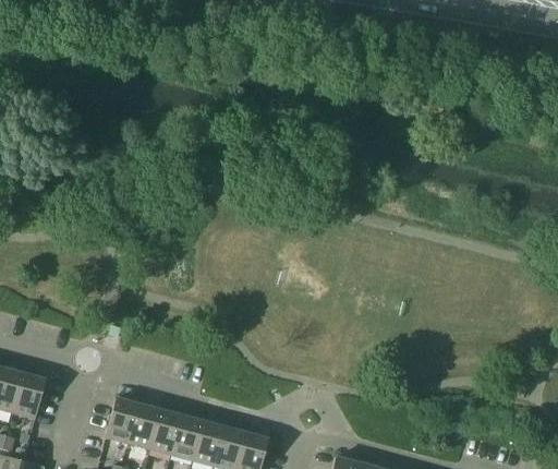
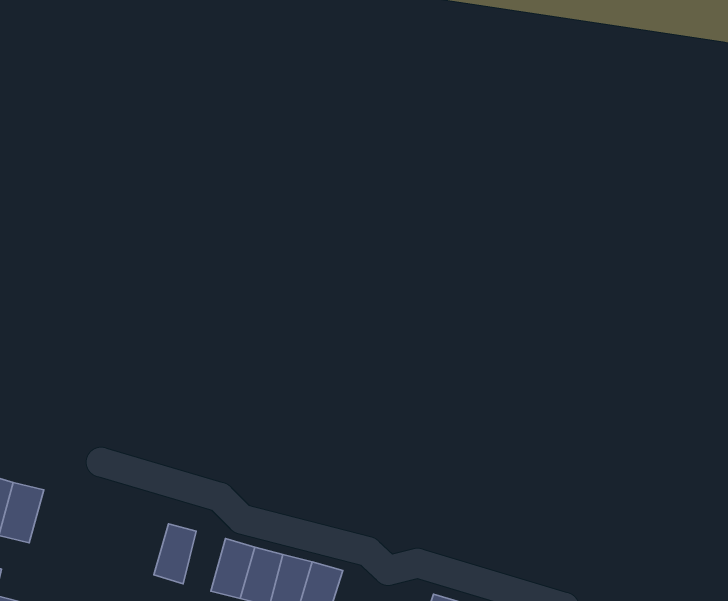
building: [107,397,140,442] -> none
building: [150,409,182,454] -> none

